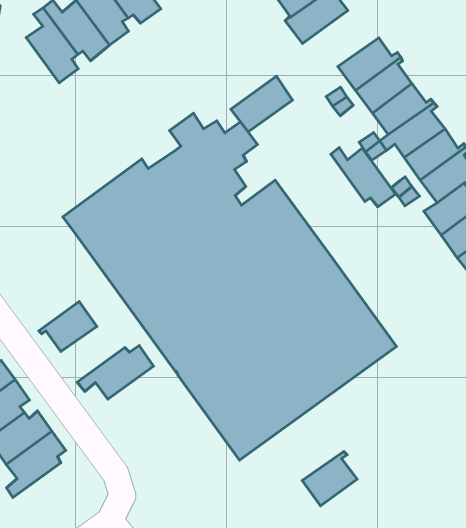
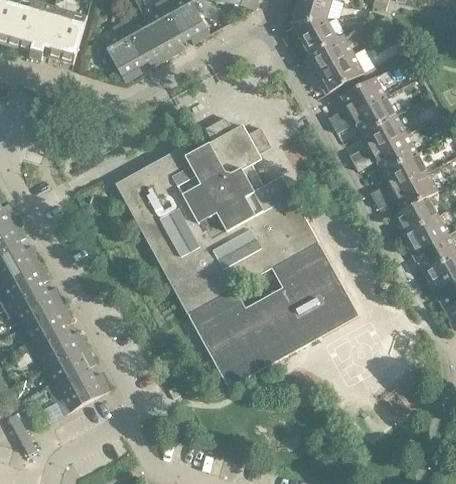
building: [231,76,293,132] -> [316,52,364,92]
building: [331,147,396,207] -> none
building: [39,301,97,352] -> none
building: [77,346,153,399] -> [51,371,111,409]
building: [302,451,357,506] -> none

